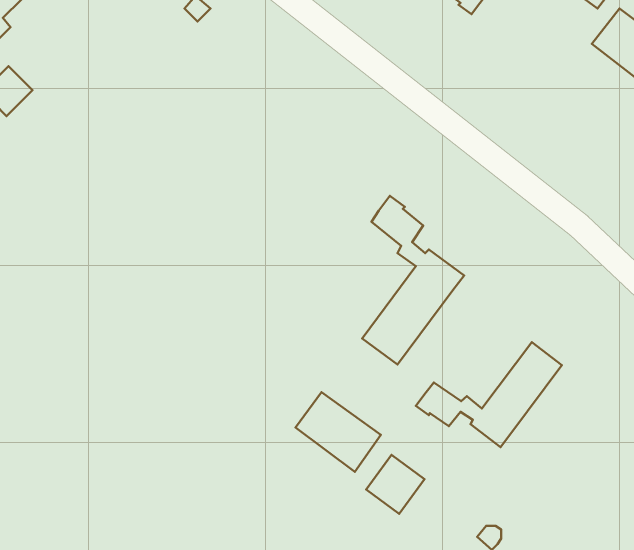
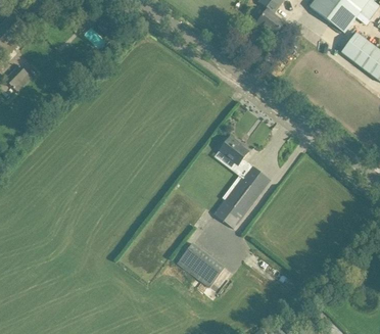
building: [416,342,562,447] -> none
building: [366,455,425,514] -> none

